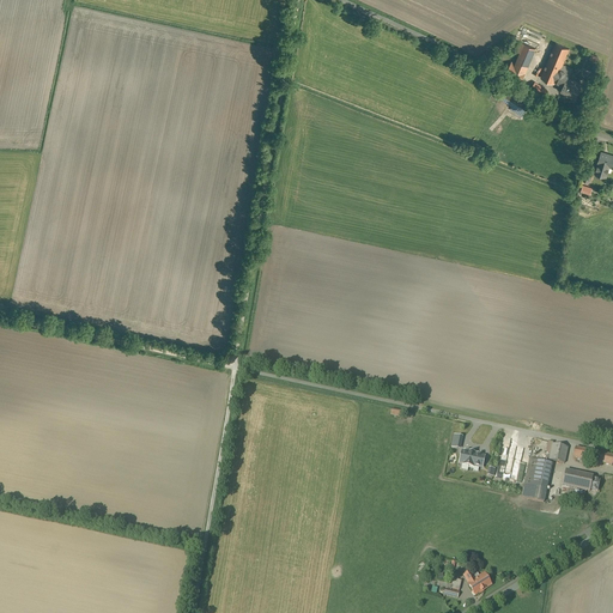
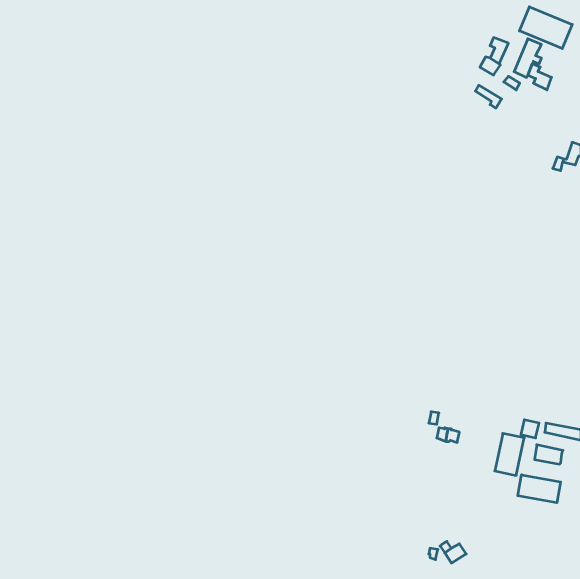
building: none -> [519,7,572,49]
building: none -> [518,475,561,503]

